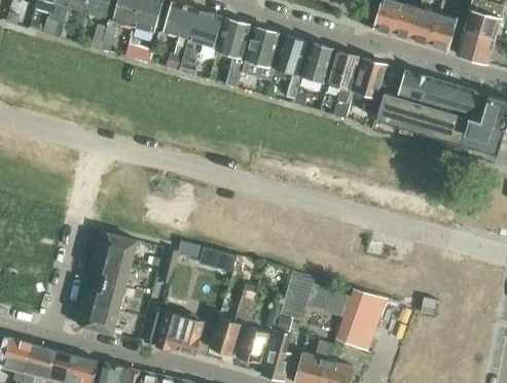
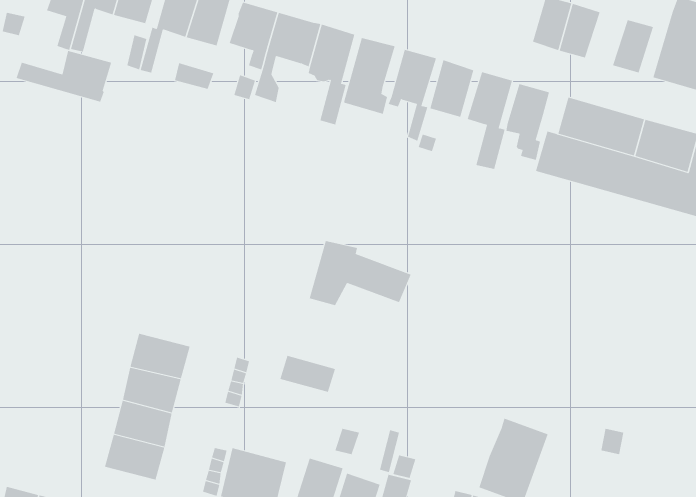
building: [409,9,438,46] -> none
building: none -> [16,50,112,103]
building: [280,274,351,319] -> [309,240,411,306]

